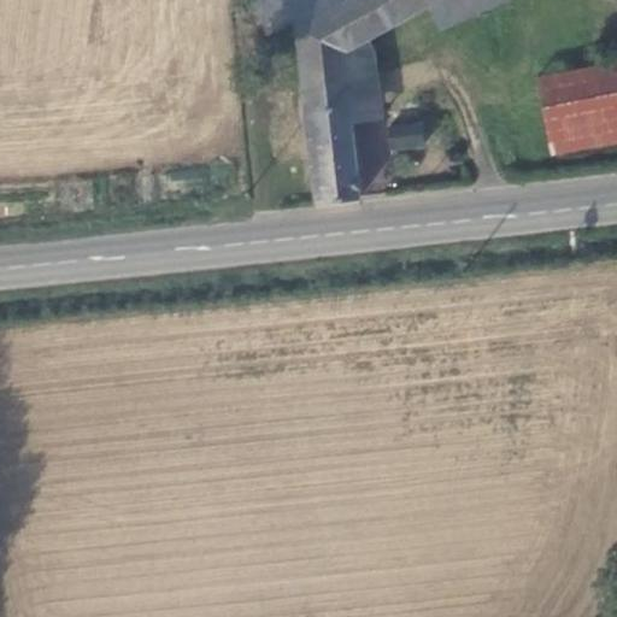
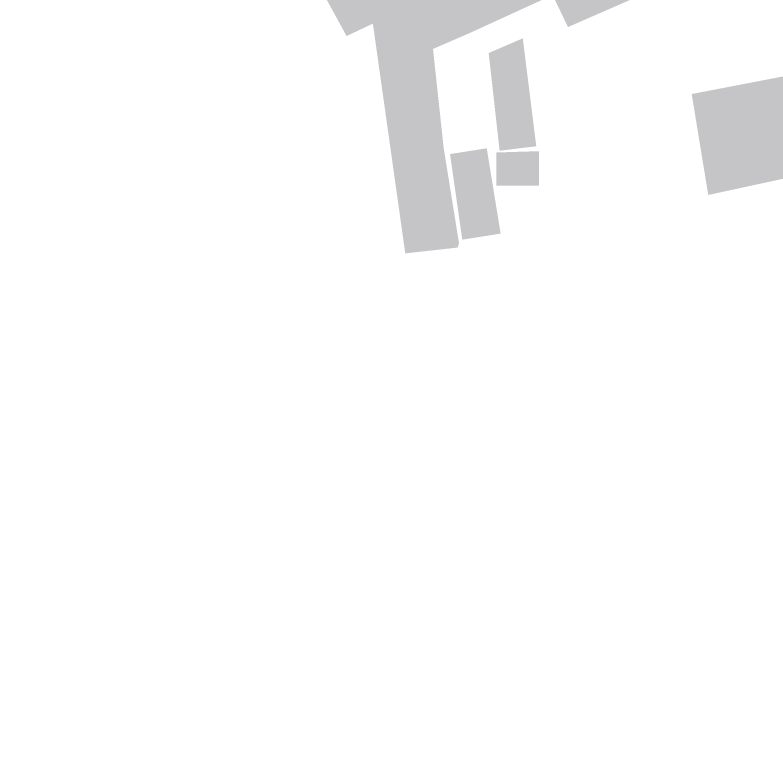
building: [342,27,381,116] -> [488,37,537,151]

